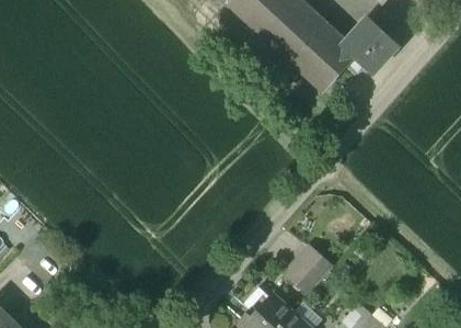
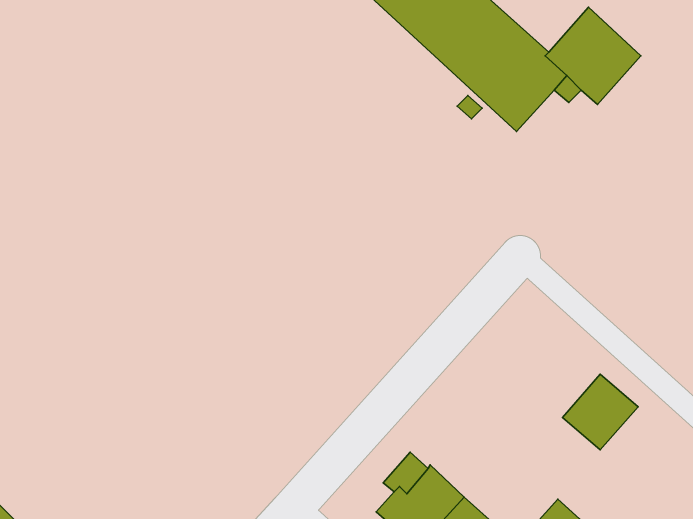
building: [287,246,333,292] -> [562,374,638,450]

